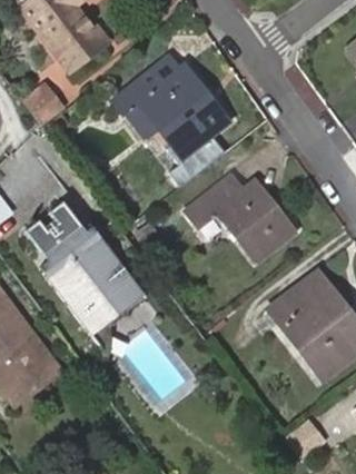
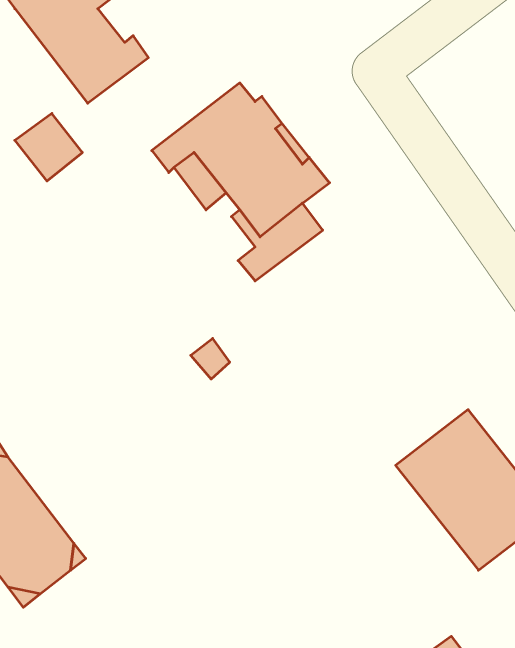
building: [186,176,291,261] -> none
building: [26,203,145,328] -> none

